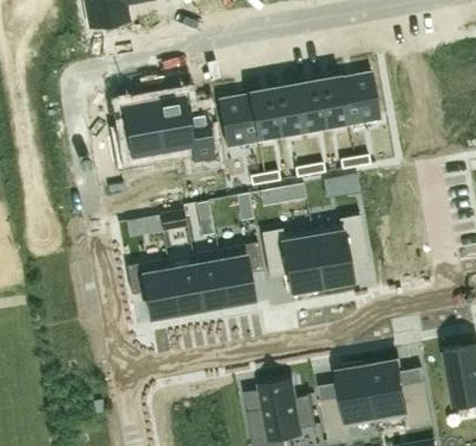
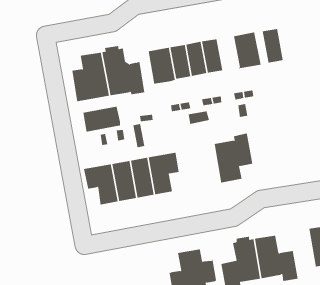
building: [317,80,347,128] -> [262,29,284,63]
building: none -> [83,106,121,132]
building: [262,231,321,297] -> none

